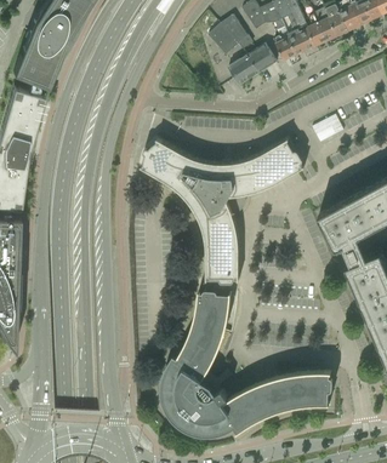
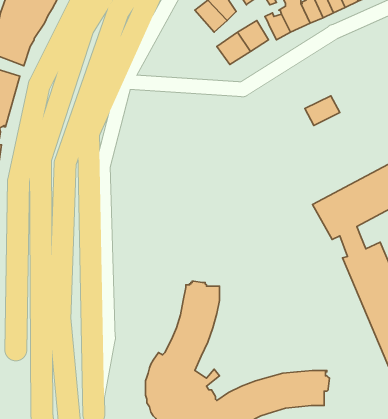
building: [138,139,302,284] -> none

